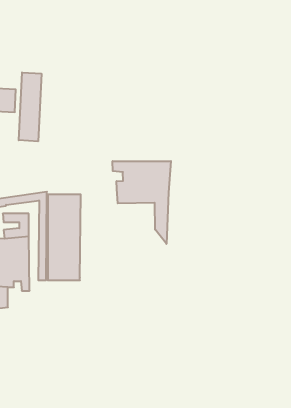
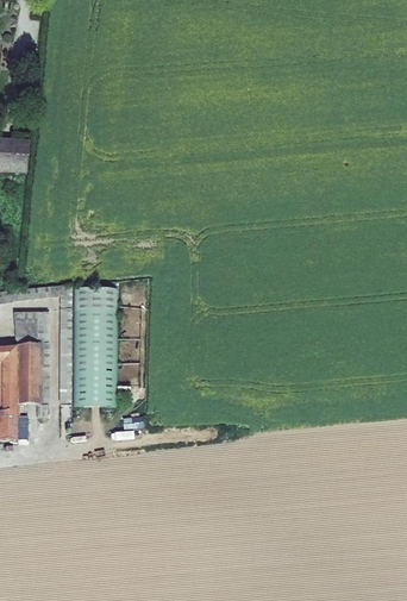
building: [19,72,41,141] -> none
building: [113,161,171,244] -> none

